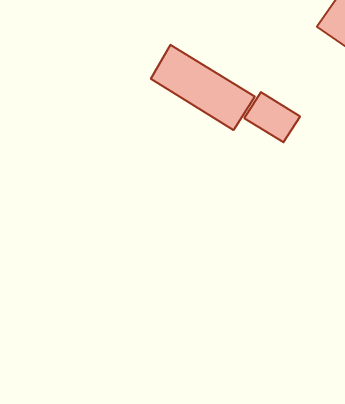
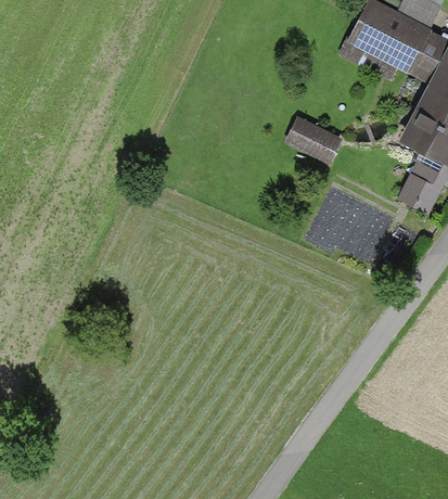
building: [151,45,255,130] -> none

